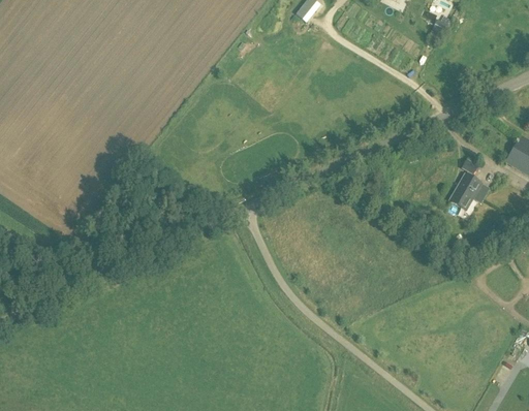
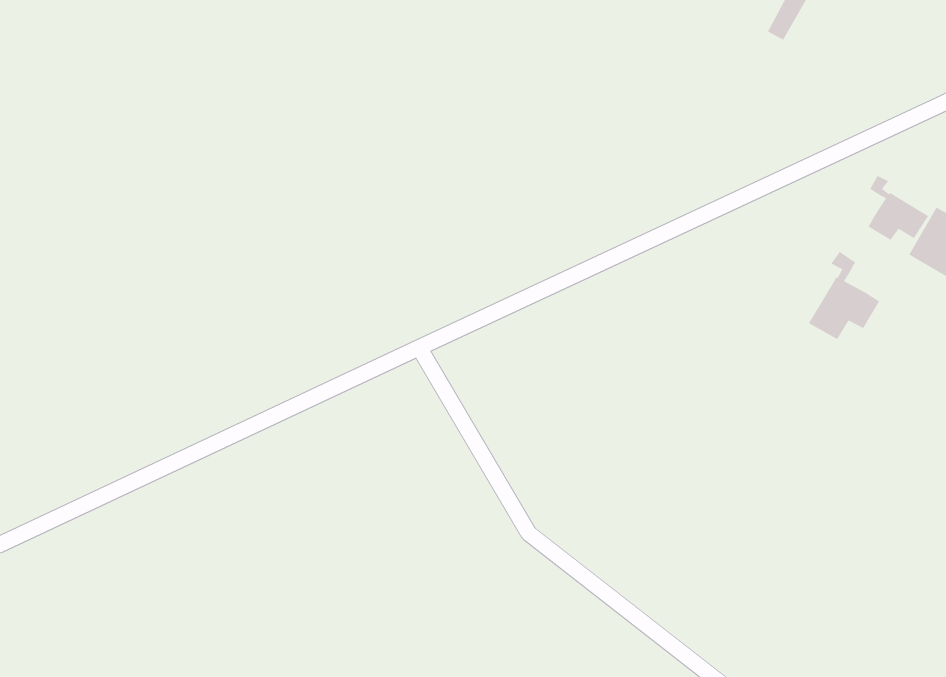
building: none -> [867,175,929,241]

